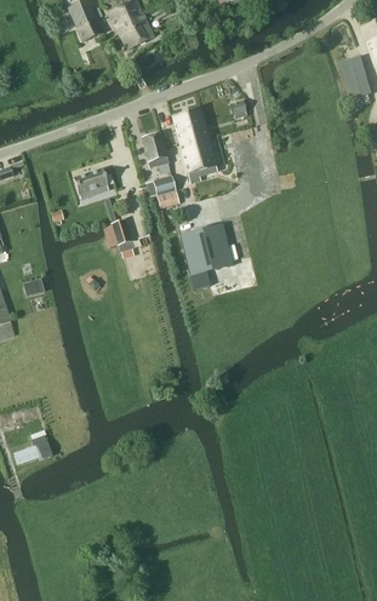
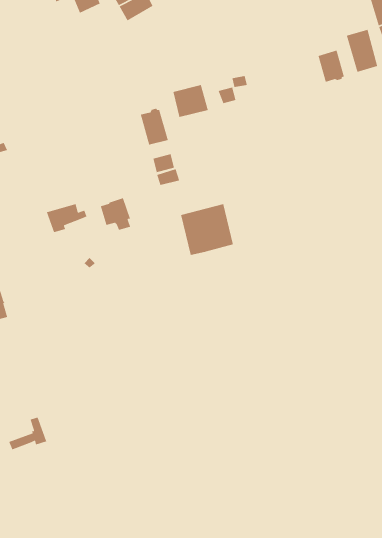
building: none -> [318,50,345,83]
building: [178,134,216,176] -> none
building: [73,170,113,199] -> [46,203,87,233]

